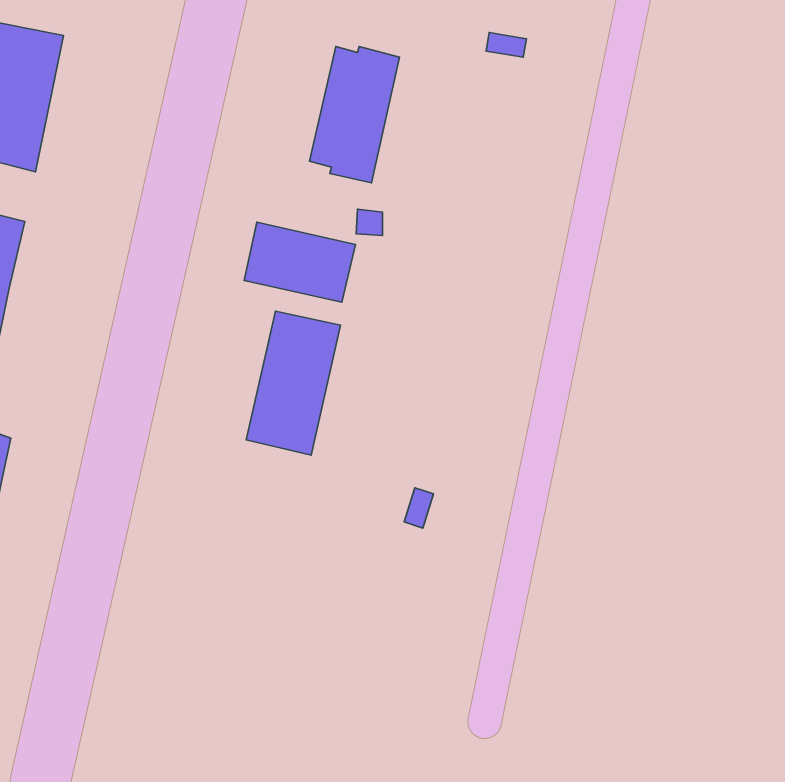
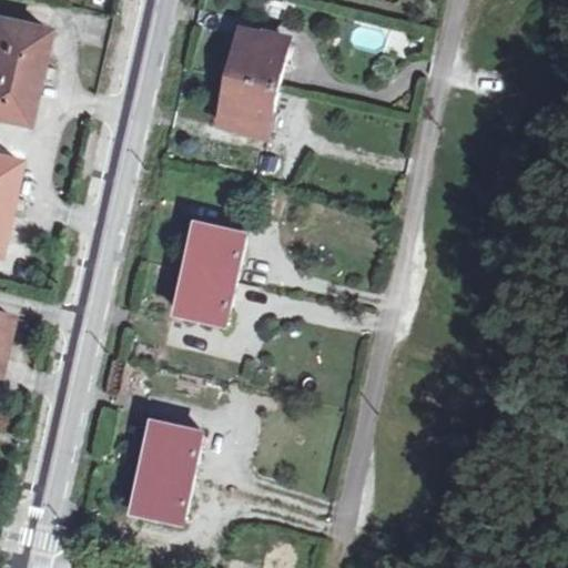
building: [244,222,356,302] -> none
building: none -> [133,418,200,523]

